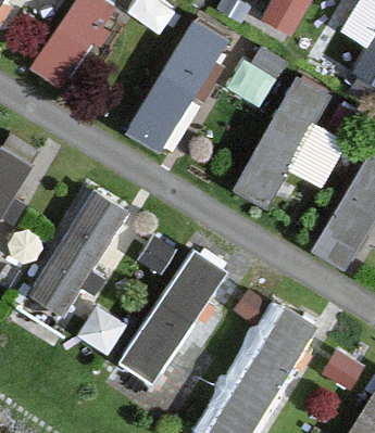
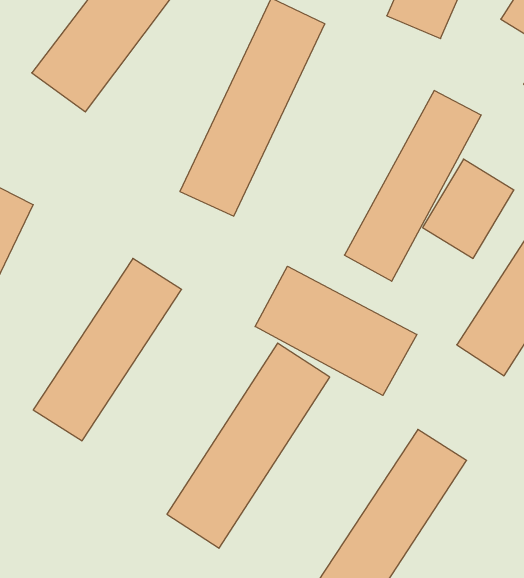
building: none -> [255,266,417,395]

